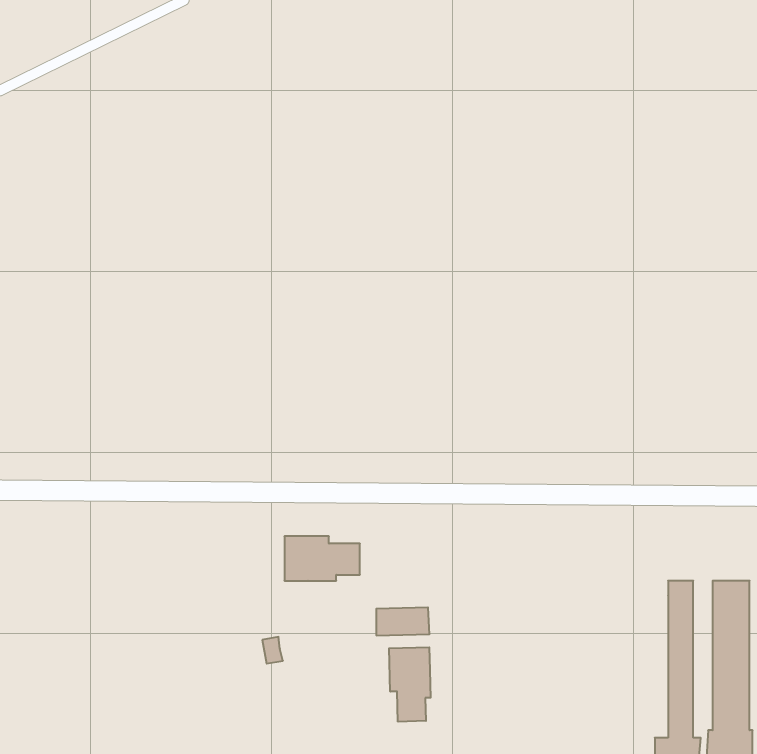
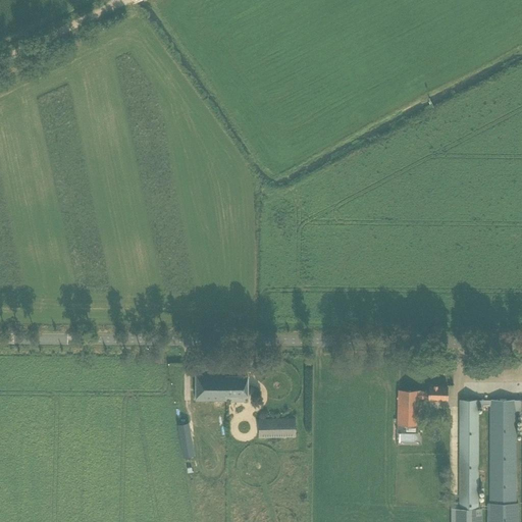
building: none -> [397,386,448,427]
building: [389,647,431,722] -> none

